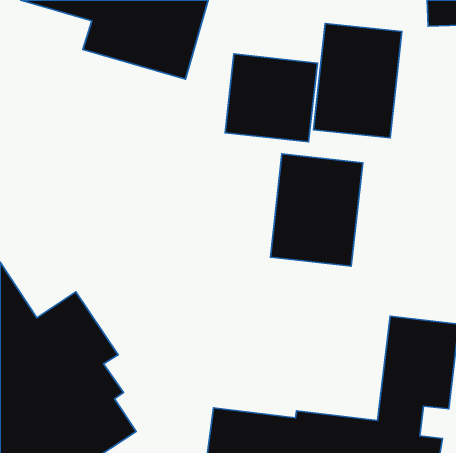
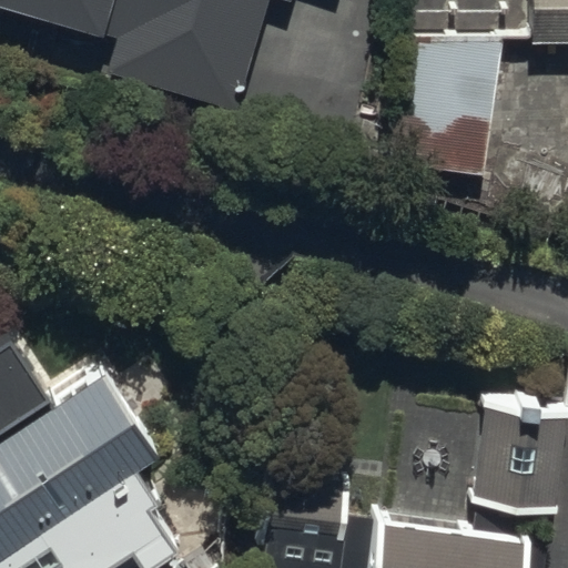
building: [225,54,317,142] -> none
building: [270,154,363,266] -> none

